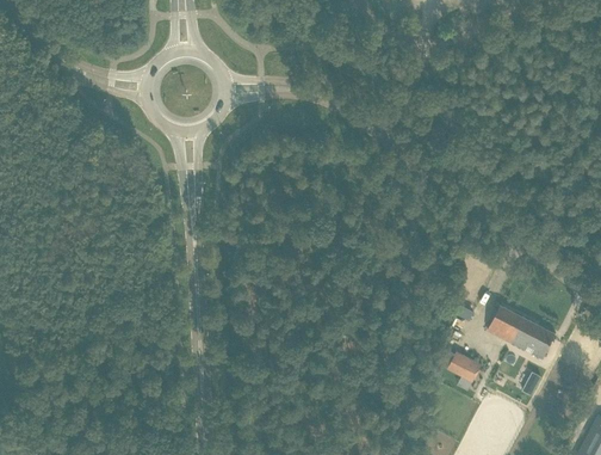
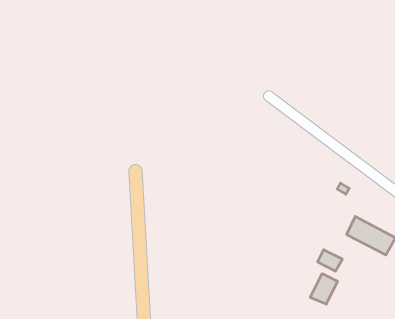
building: none -> [310,274,337,304]

